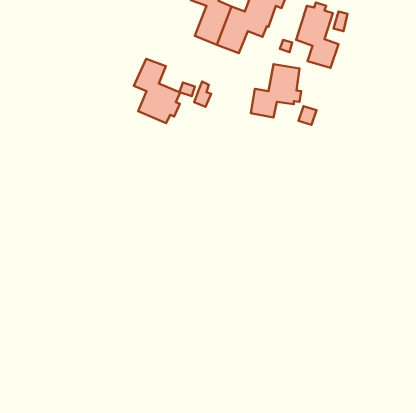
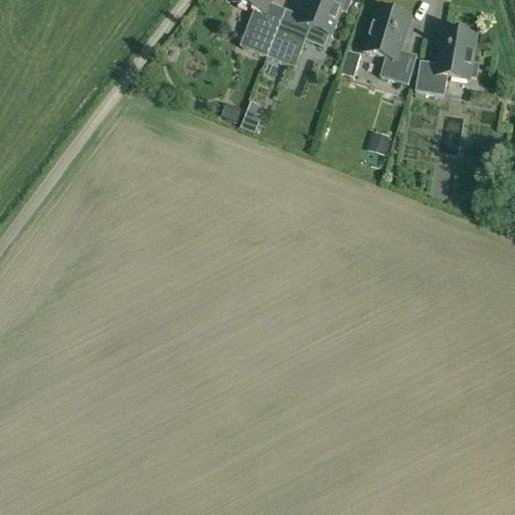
building: [134,59,180,123] -> none
building: [251,64,301,117] -> [416,29,479,95]

